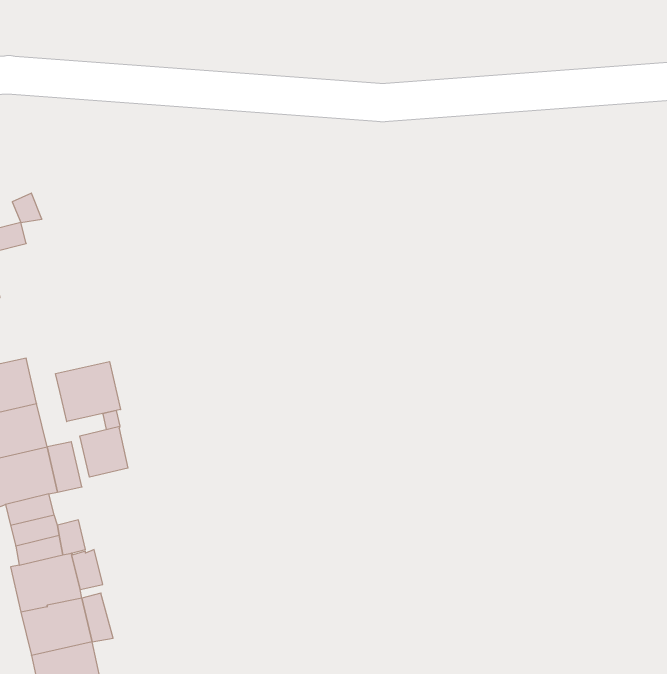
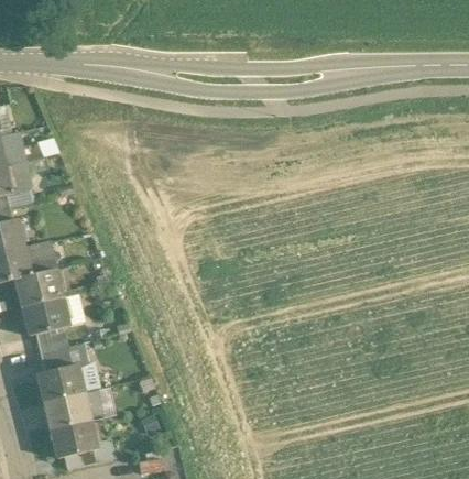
building: [56,362,121,422] -> none
building: [80,426,128,477] -> none

